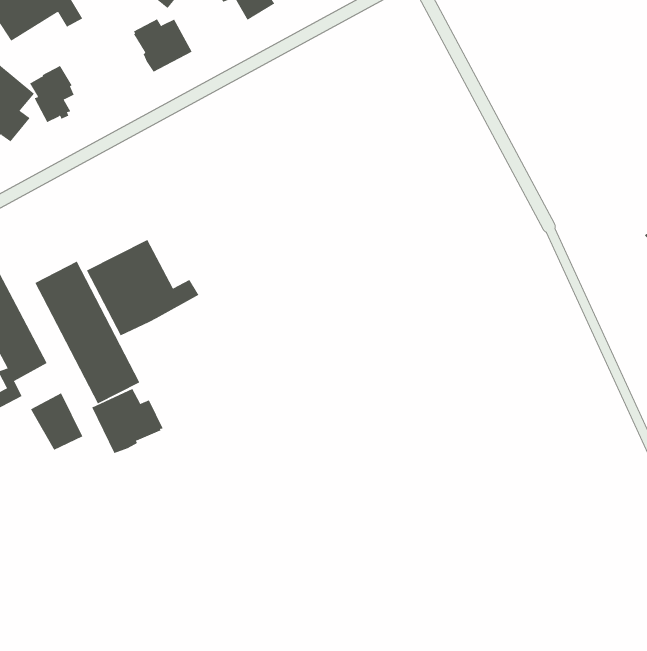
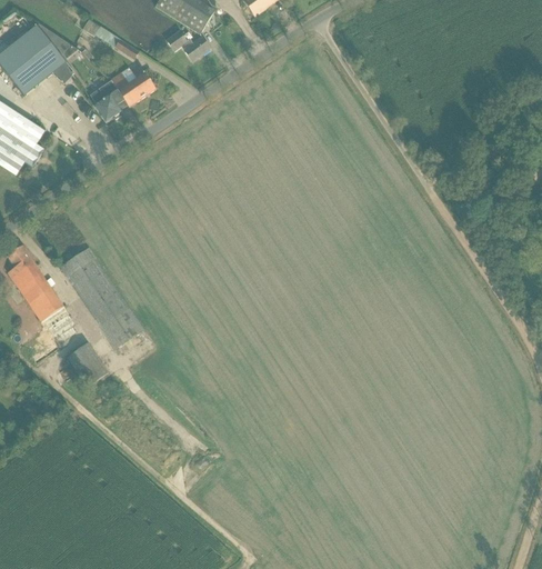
building: [29,65,74,123] -> [89,78,122,120]
building: [86,239,199,336] -> none
building: [91,388,163,454] -> none

